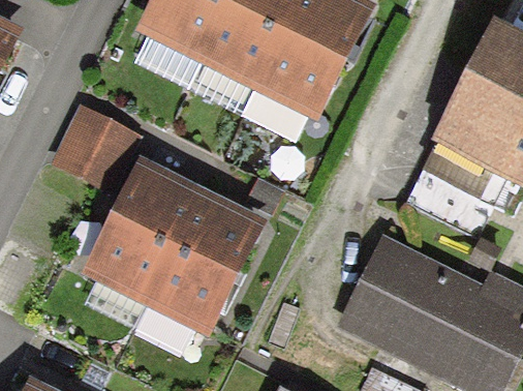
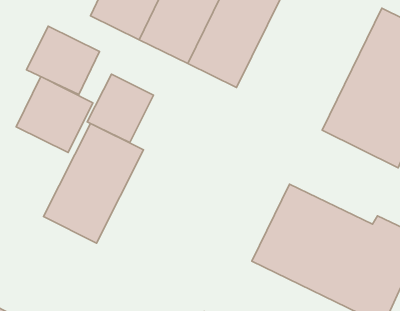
building: none -> [27,26,100,95]
building: none -> [87,74,153,143]
building: [147,192,267,337] -> none

